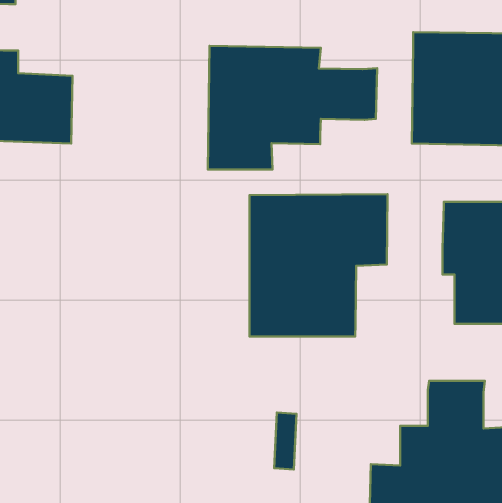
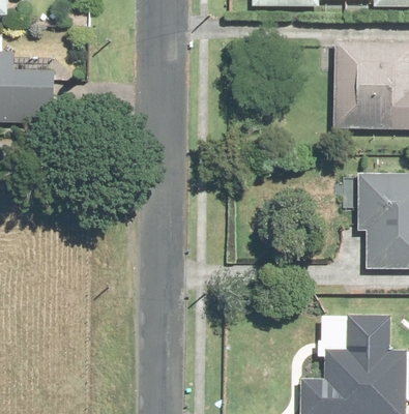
building: [208,46,377,170] -> none
building: [249,194,388,336] -> none

